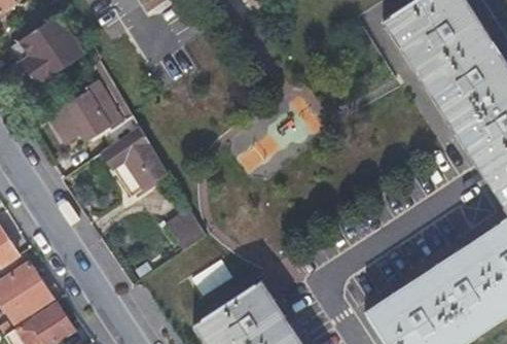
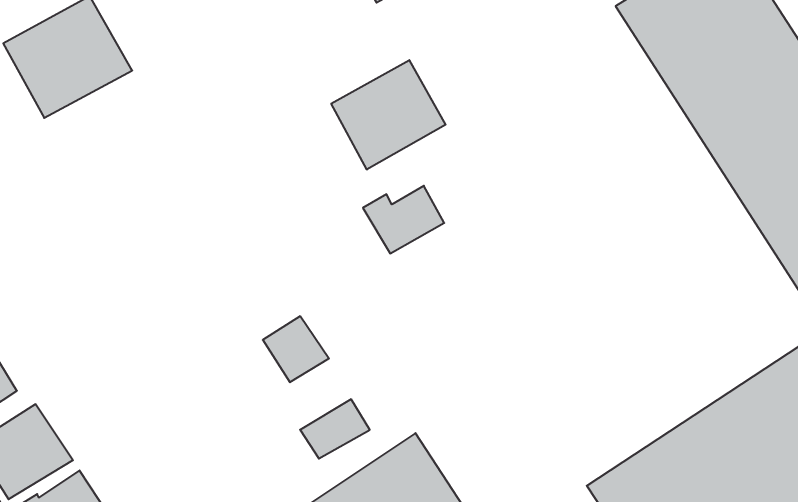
building: none -> [331,60,446,170]
building: [53,80,123,140] -> none
building: [103,128,169,196] -> none

